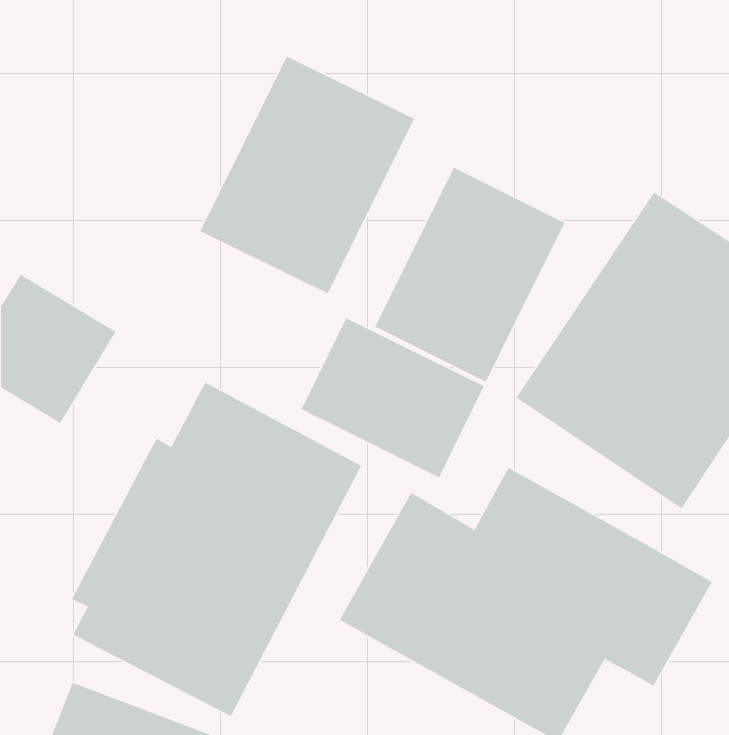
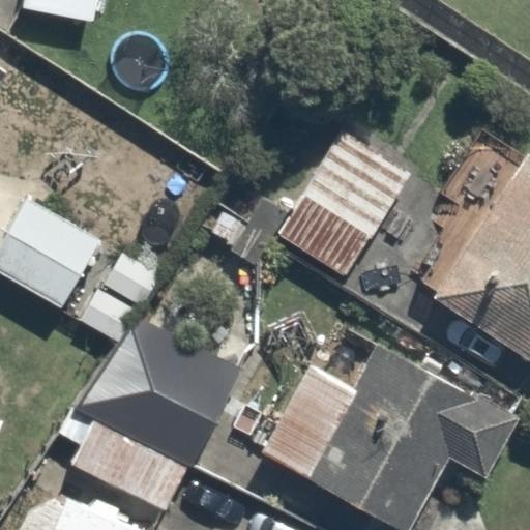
building: [199,55,415,295] -> none
building: [300,317,485,478] -> none

